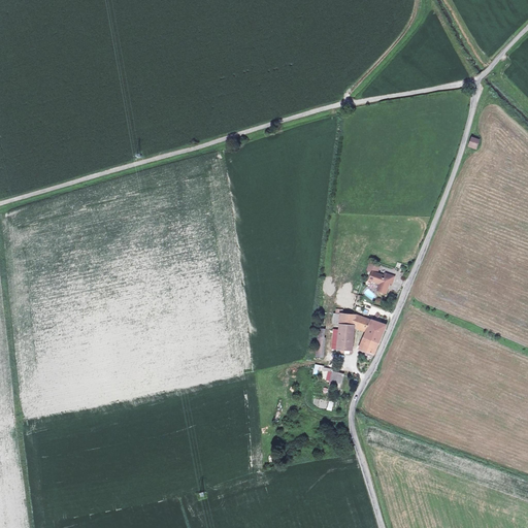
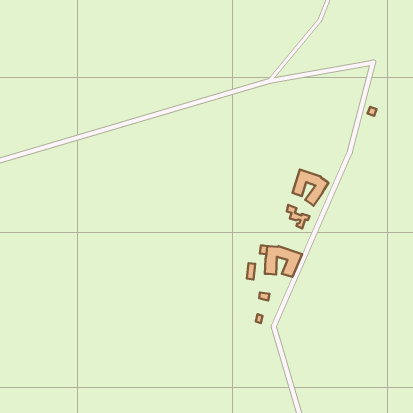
building: none -> [293,169,329,206]

